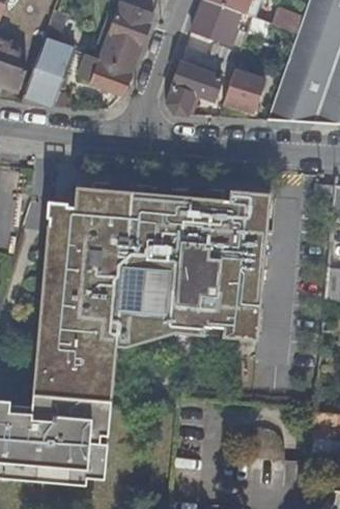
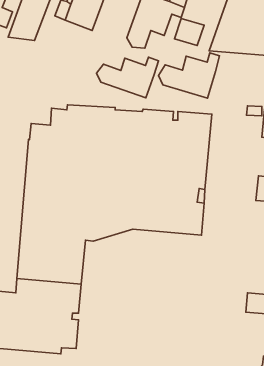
building: none -> [159,53,220,98]
building: none -> [97,57,158,98]

